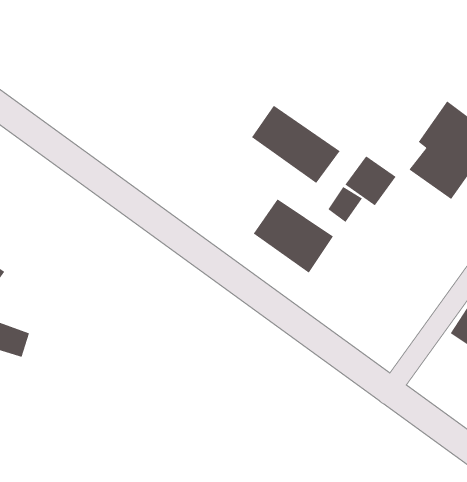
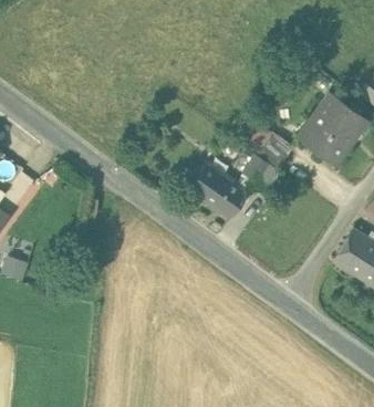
building: [251,105,340,184] -> none

